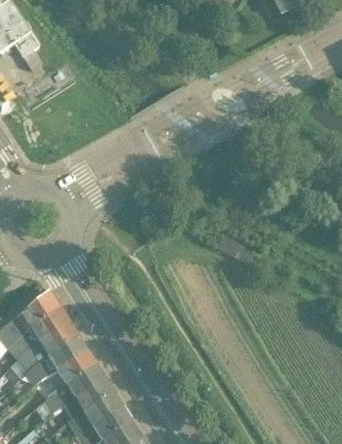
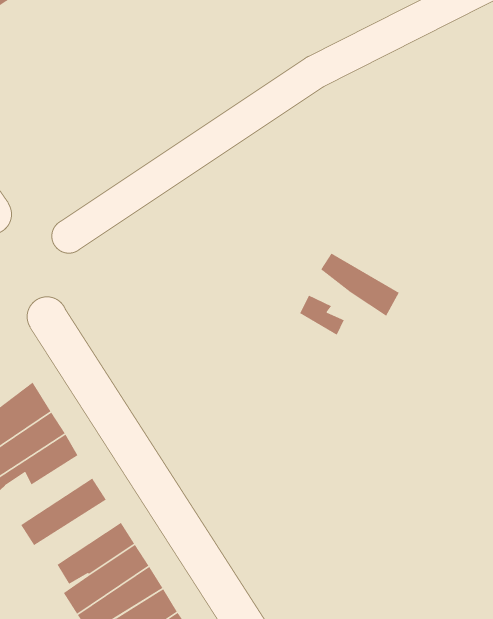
building: none -> [320,253,400,317]
building: [36,335,87,379] -> none
building: [35,363,105,418] -> none

